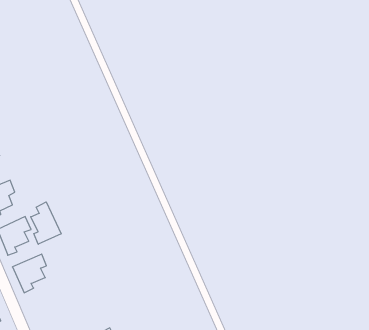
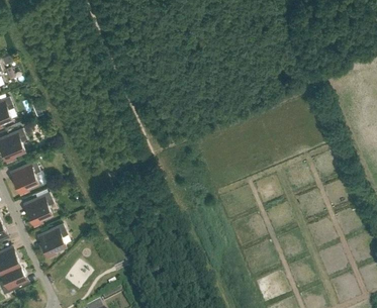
building: [31,202,61,244] -> none

